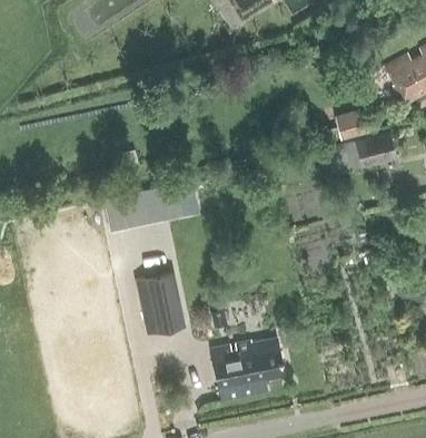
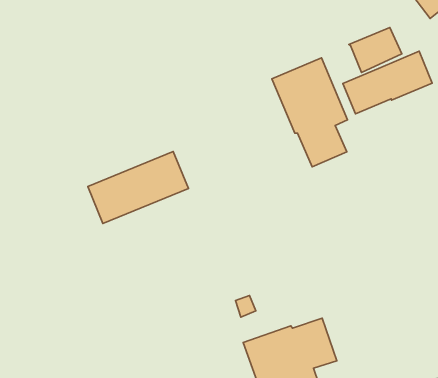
building: none -> [272,58,348,167]
building: [133,271,182,333] -> none

